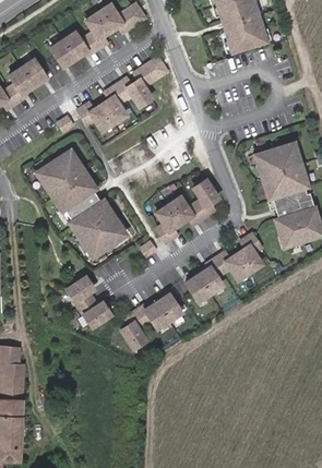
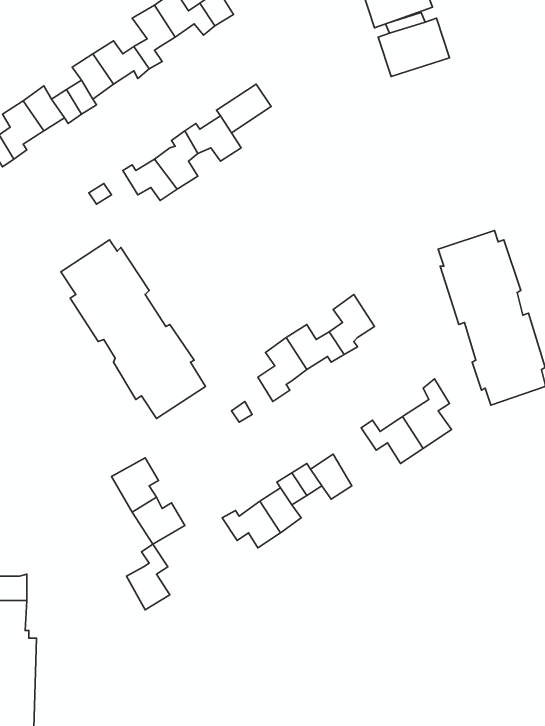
building: [198,260,223,293] -> none
building: [118,312,143,350] -> [126,544,170,610]

